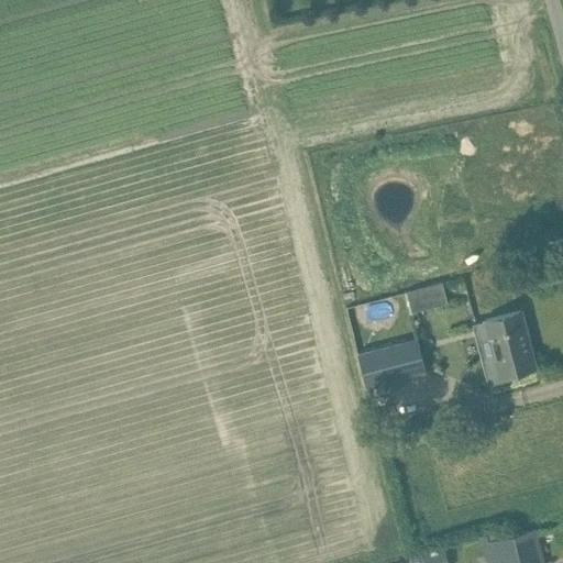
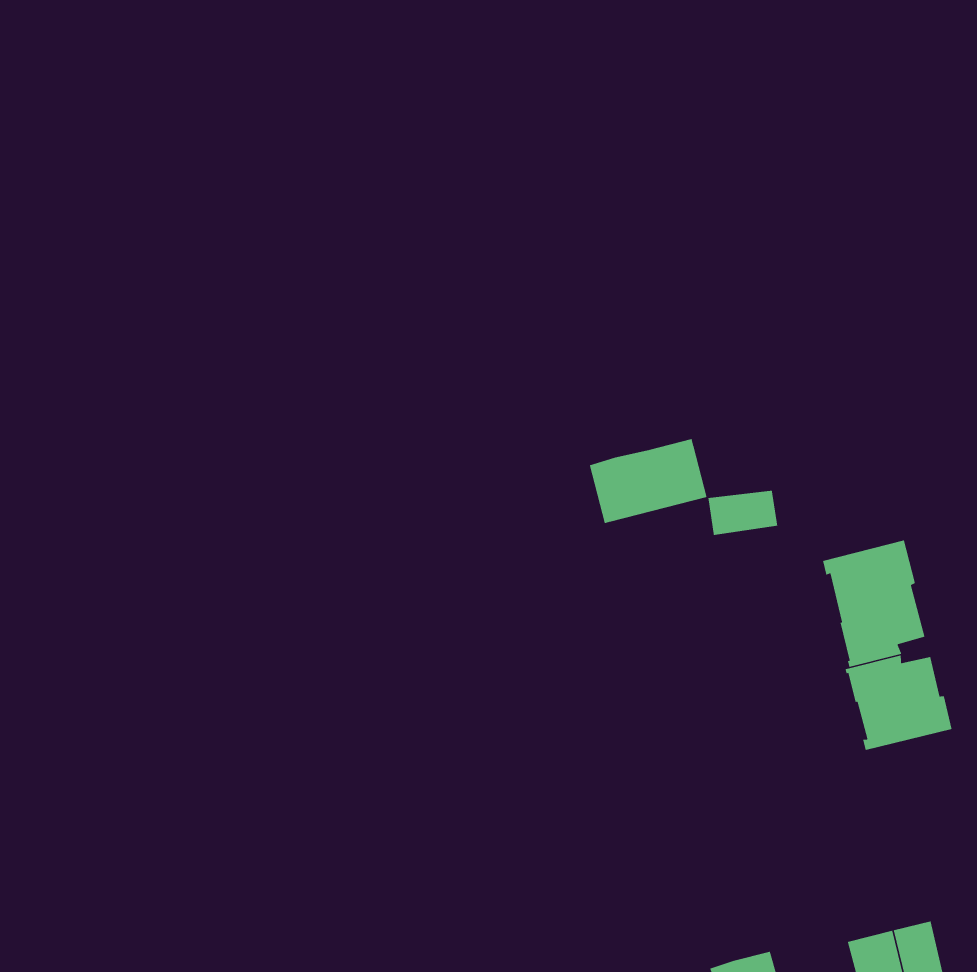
building: [357,341,426,390] -> [589,438,707,524]
building: none -> [845,655,953,751]

